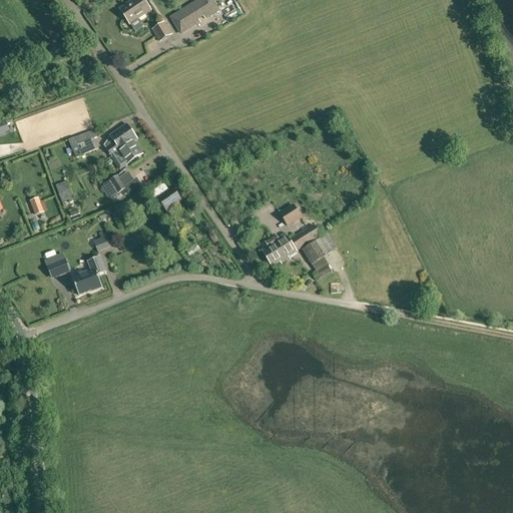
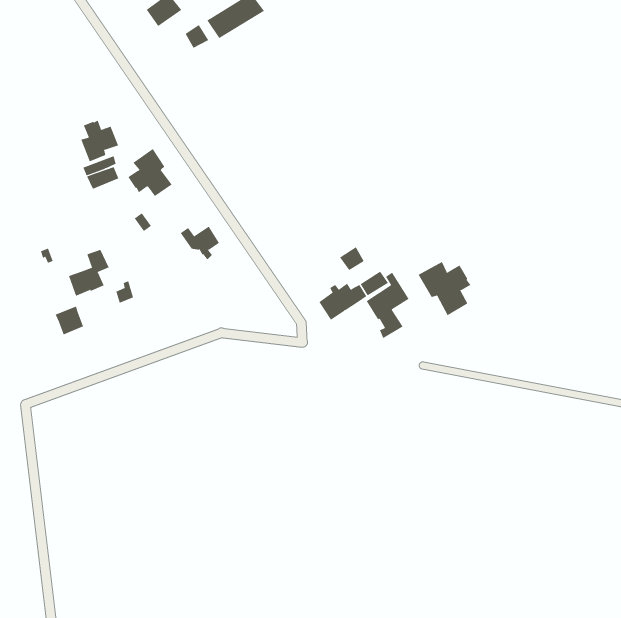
building: none -> [81,120,119,162]
building: none -> [418,261,471,316]
building: [72,255,106,295] -> [68,249,109,297]

